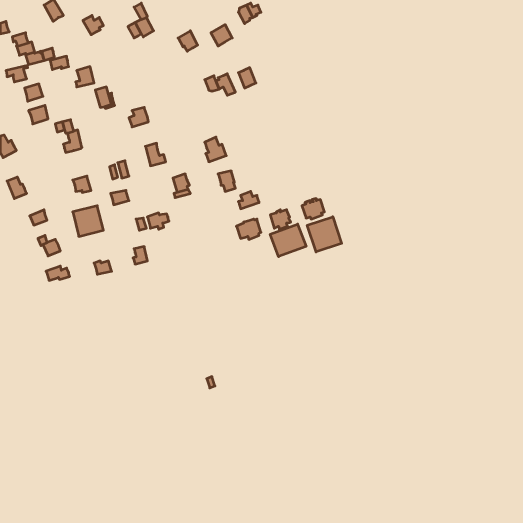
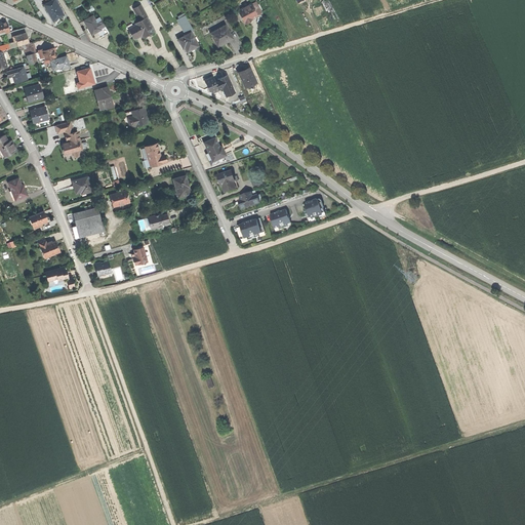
building: [307,217,342,252] -> none
building: [270,224,306,257] -> none

